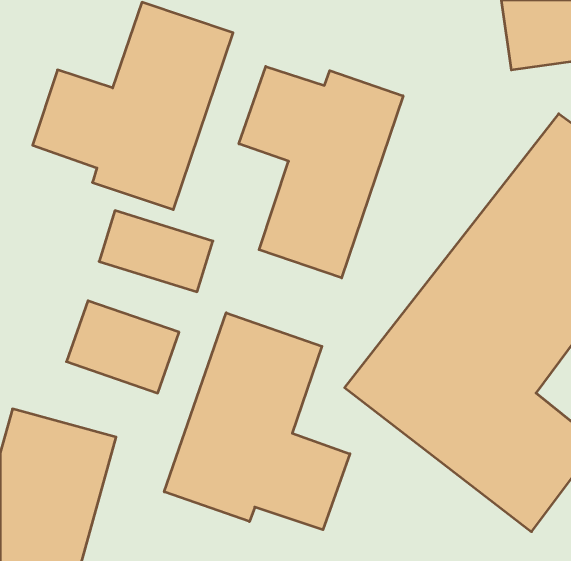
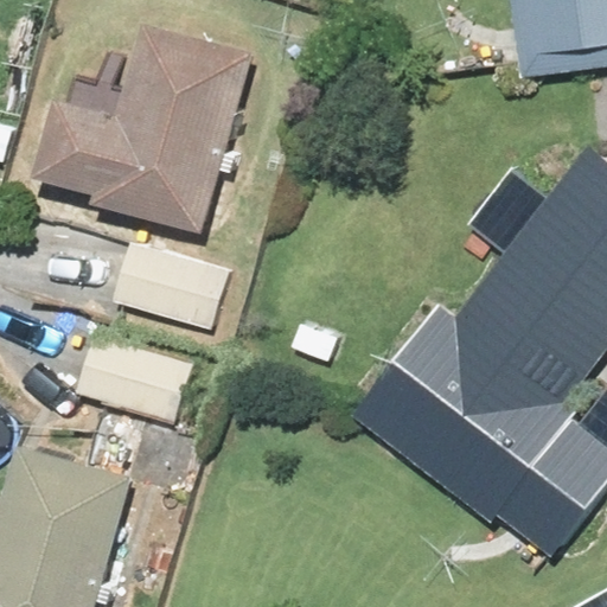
building: [239,66,403,278] -> none
building: [164,313,350,530] -> none

